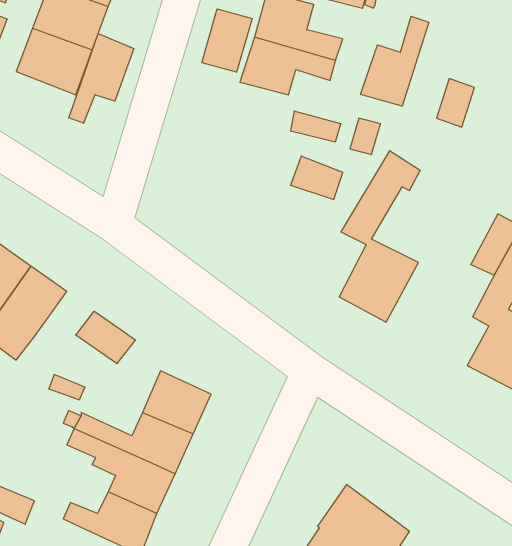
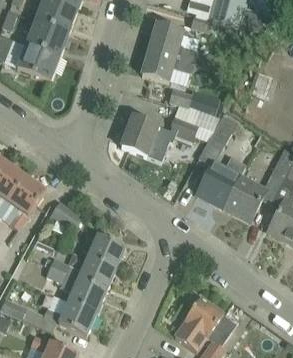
building: [202,9,252,72] -> none
building: [361,16,429,106] -> none
building: [69,33,134,123] -> none
building: none -> [121,116,164,159]
building: none -> [222,174,267,221]

